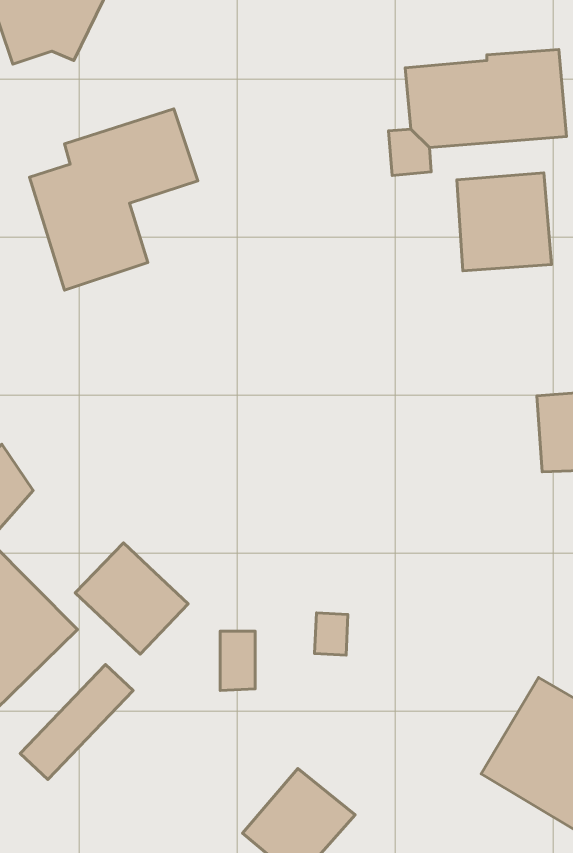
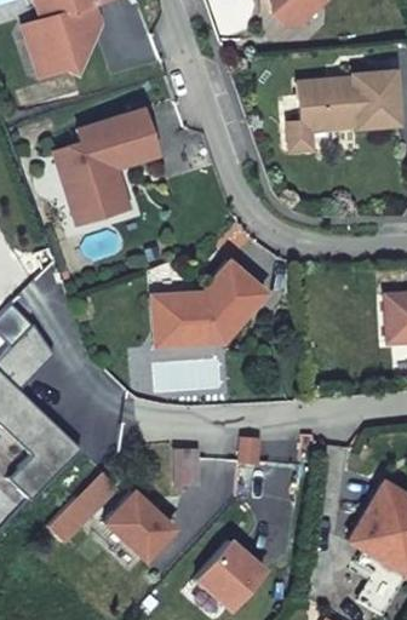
building: [457,173,551,271] -> none
building: none -> [149,257,270,349]
building: [75,543,188,654] -> [101,486,174,558]

